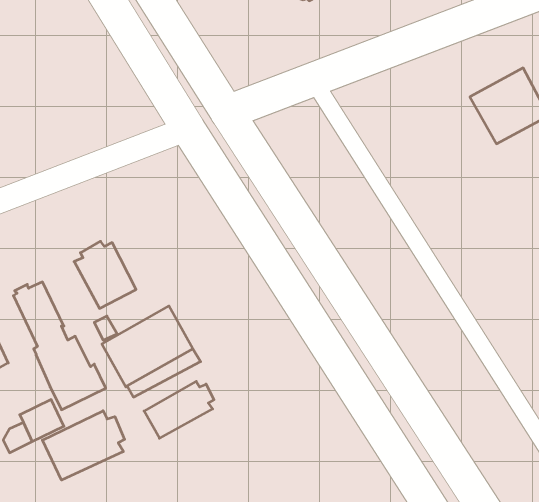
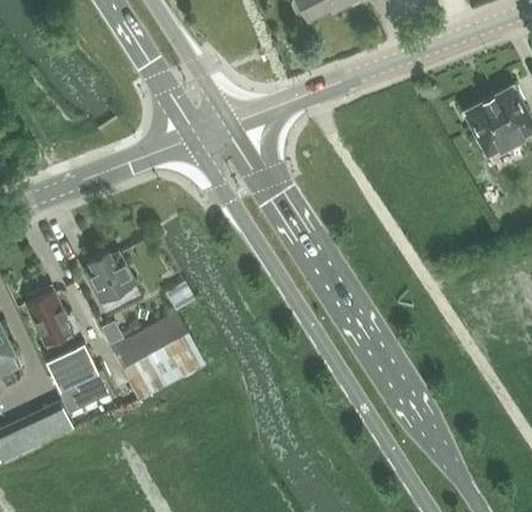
building: [144,381,214,438] -> none
building: [42,411,125,480] -> none

